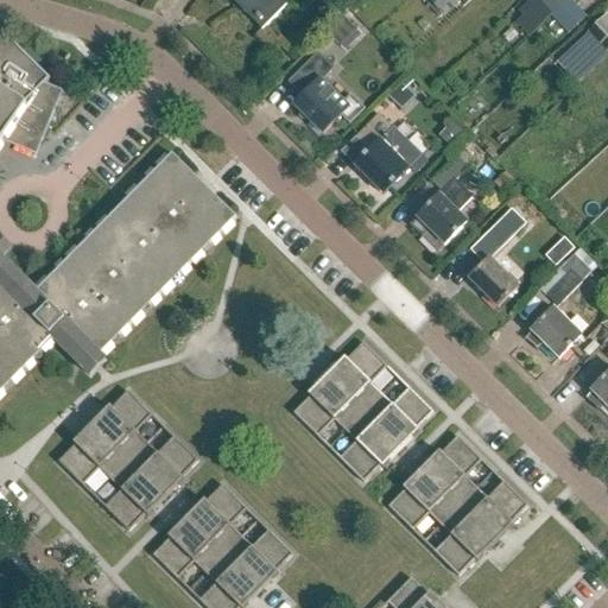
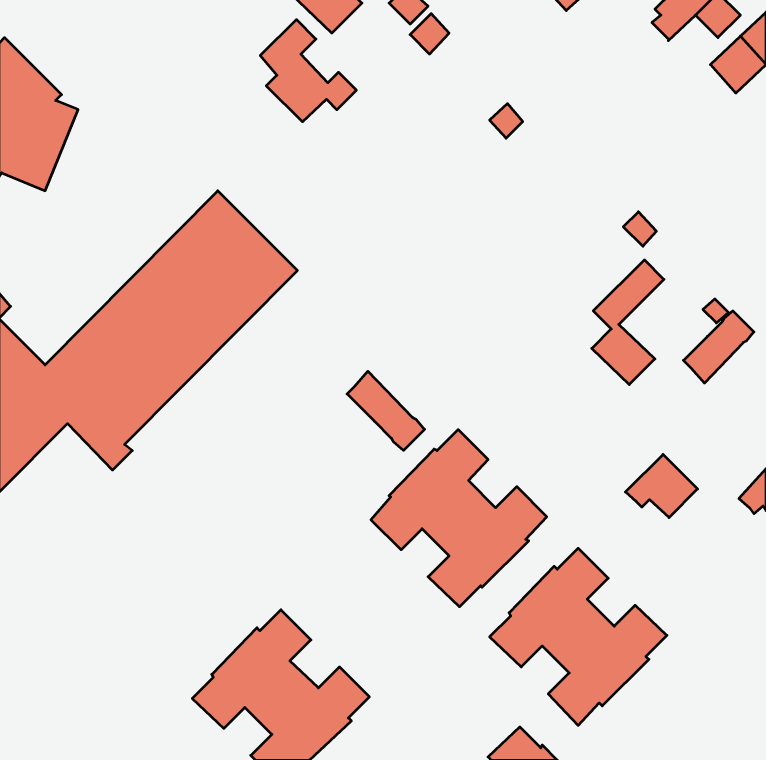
building: [289,50,365,131] -> [260,20,356,122]
building: [354,110,422,190] -> none
building: [410,139,475,248] -> none
building: none -> [347,371,425,450]
building: [524,305,581,355] -> [625,454,698,518]
building: [58,388,197,528] -> none

